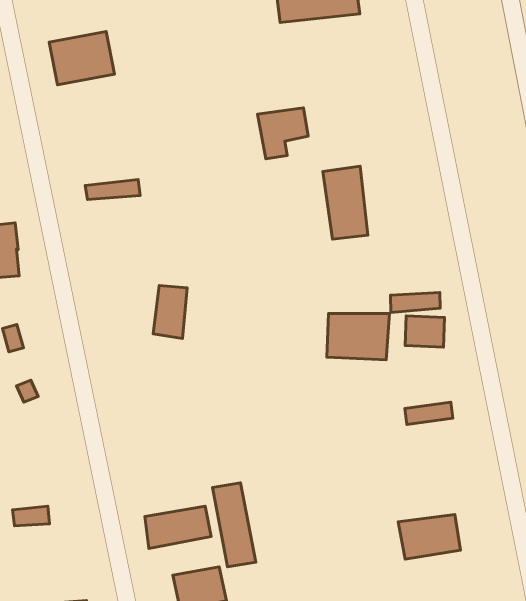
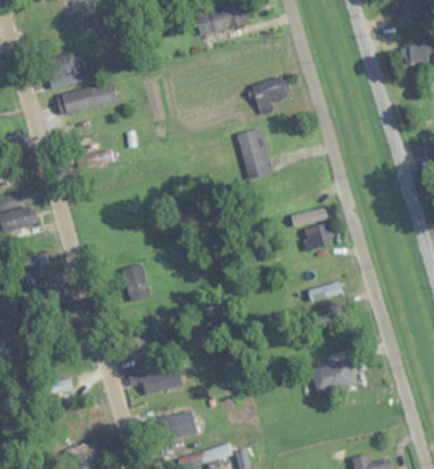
building: none -> [56,82,116,115]
building: [258,108,308,159] -> [252,77,288,114]
building: [153,285,187,338] -> [126,266,146,301]
building: [327,313,389,360] -> none
building: [212,483,256,567] -> none

